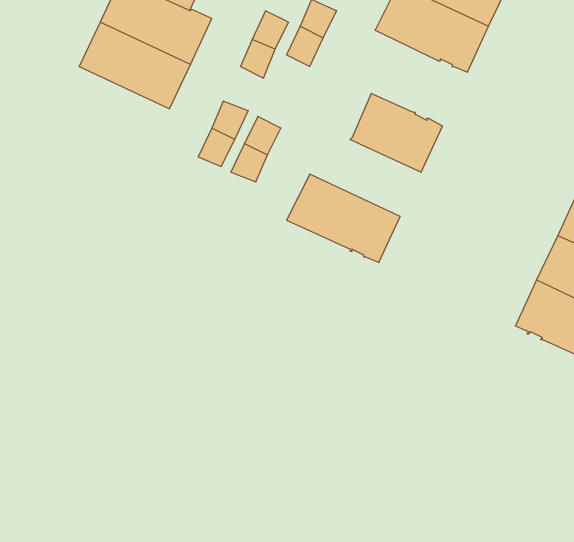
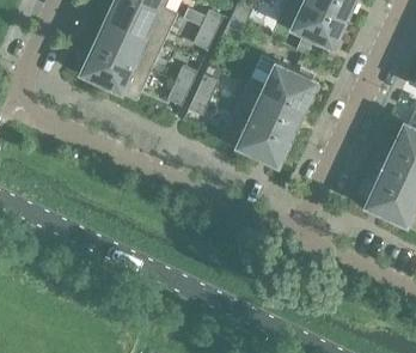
building: none -> [79,44,148,99]
building: none -> [235,83,305,138]

